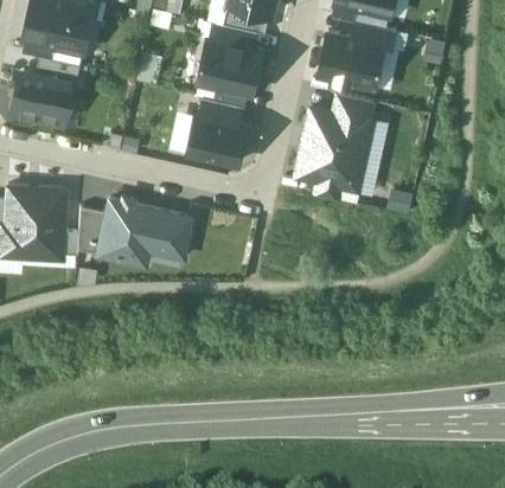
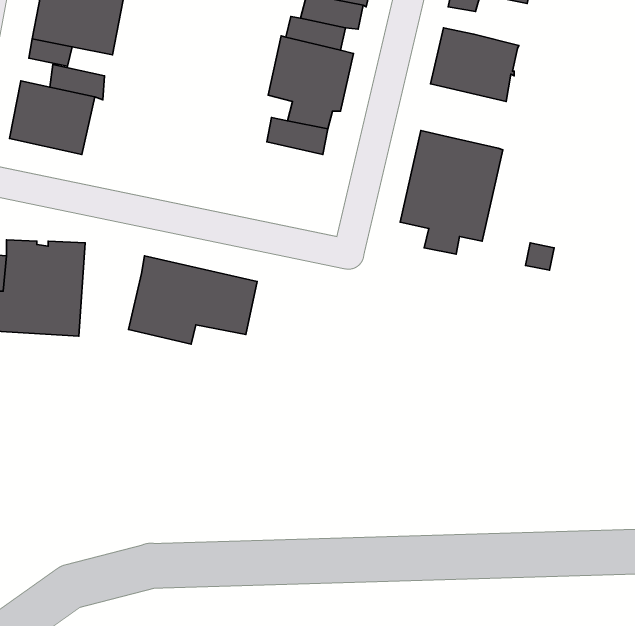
building: [351,21,396,49] -> none
building: [332,92,375,121] -> none
building: [187,116,247,163] -> none
building: [76,208,106,255] -> none

